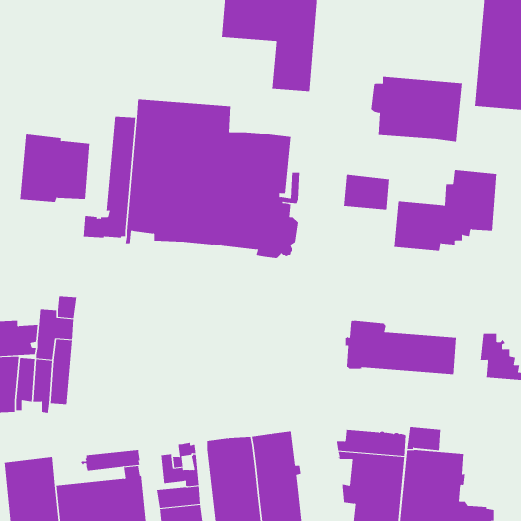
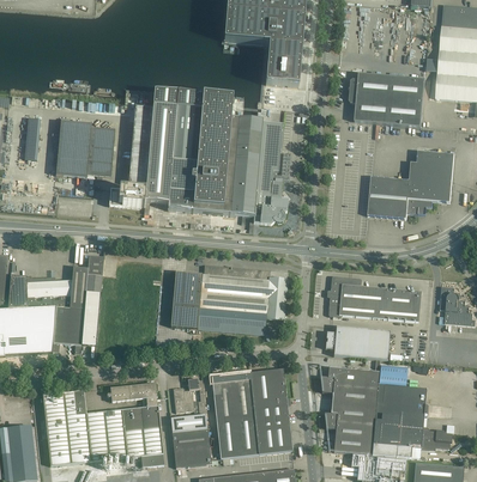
building: [344,174,389,210] -> none
building: none -> [169,263,286,334]
building: none -> [324,325,388,359]

